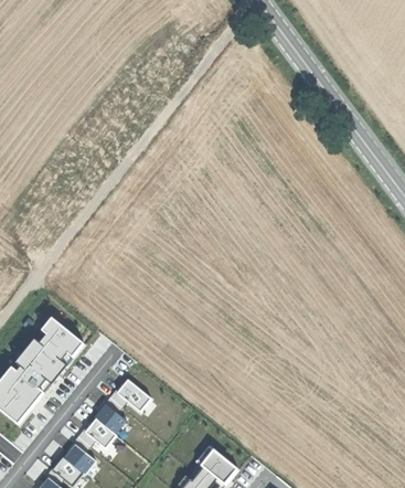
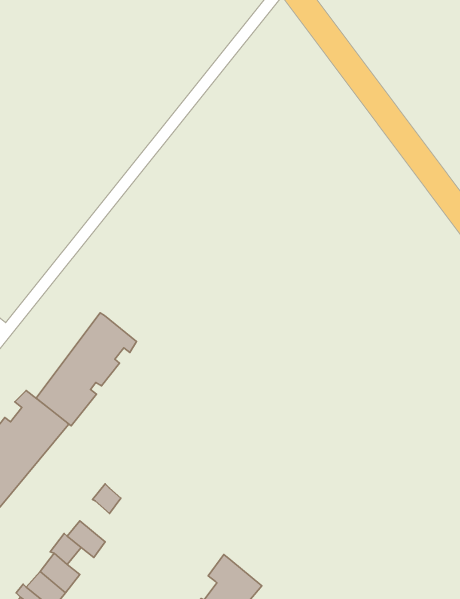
building: none -> [36,313,137,426]
building: [117,380,150,411] -> none
building: [94,403,126,435] -> none

